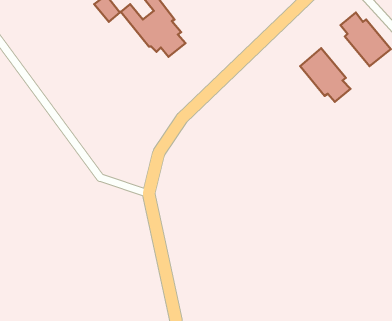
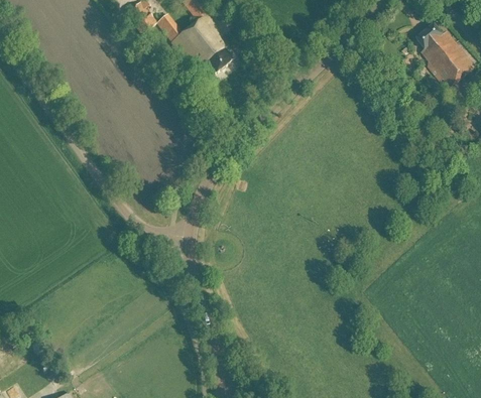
building: [300,48,350,102] -> none

